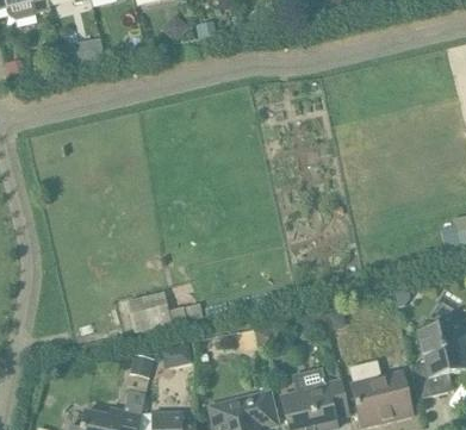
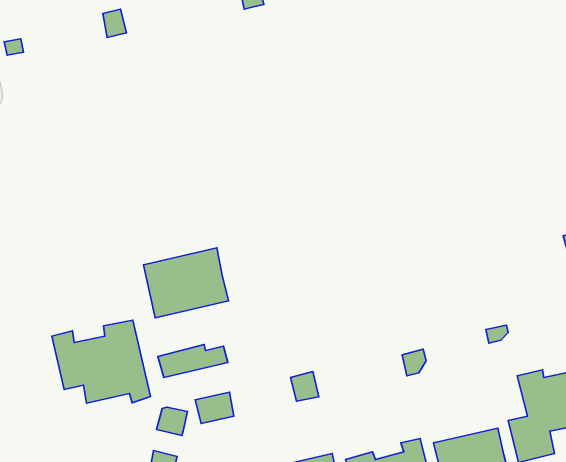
building: none -> [144,248,228,318]
building: none -> [52,320,151,403]

